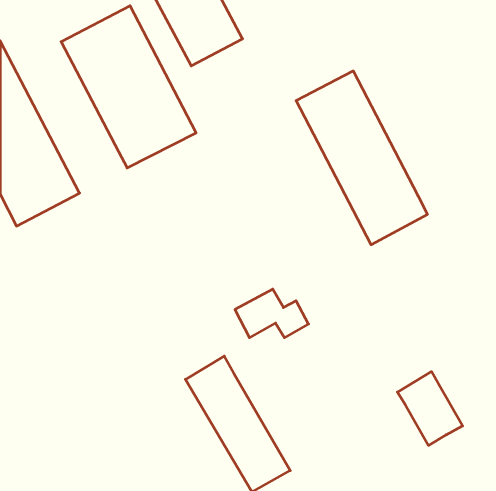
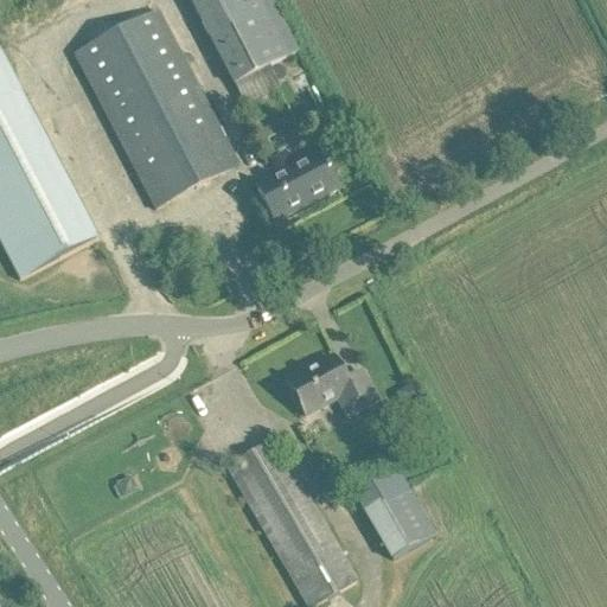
building: [296,71,427,245] -> none
building: none -> [257,143,338,218]
building: [397,372,463,445] -> [354,466,434,556]

